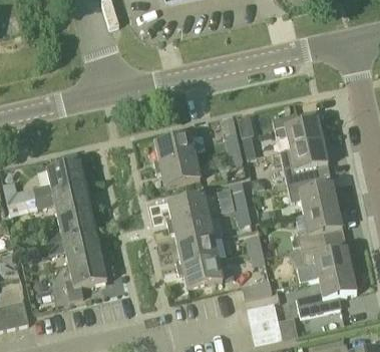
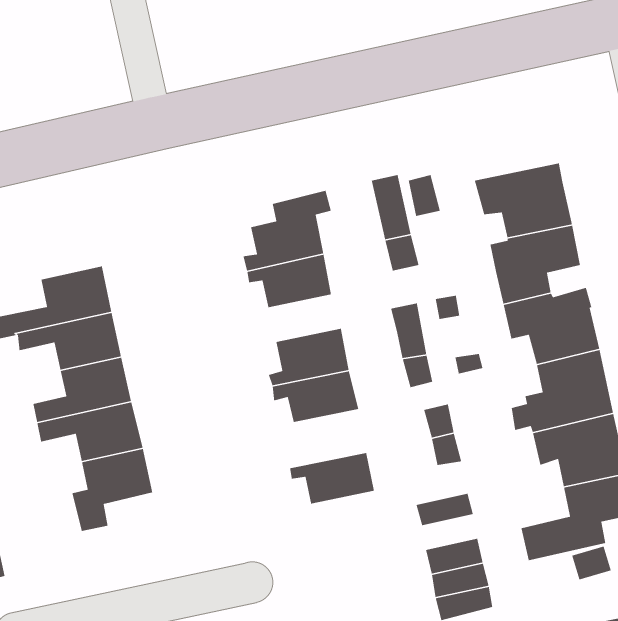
building: [175,238,217,268] -> none

